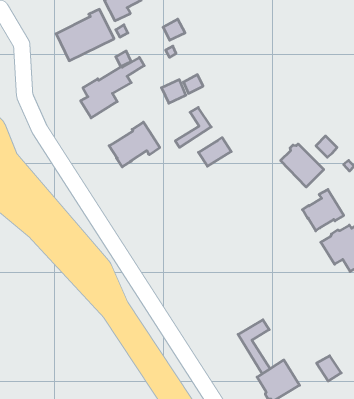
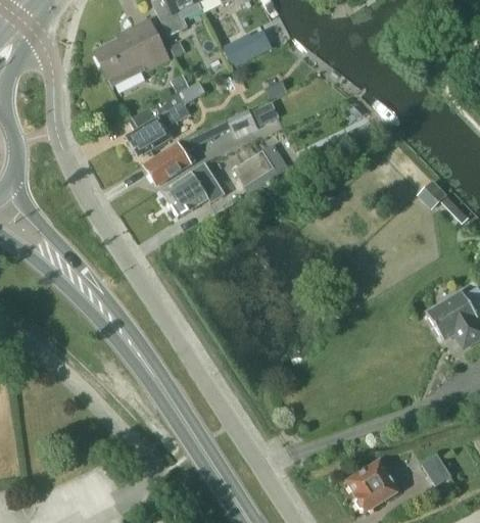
building: none -> [145,125,219,185]
building: [198,138,231,166] -> [234,149,275,185]
building: [281,144,324,187] -> none
building: [302,189,344,231] -> none
building: [238,320,270,374] -> none

